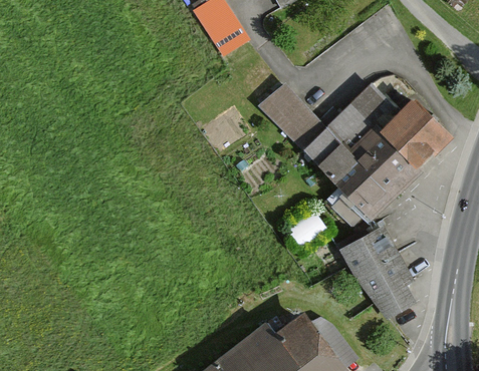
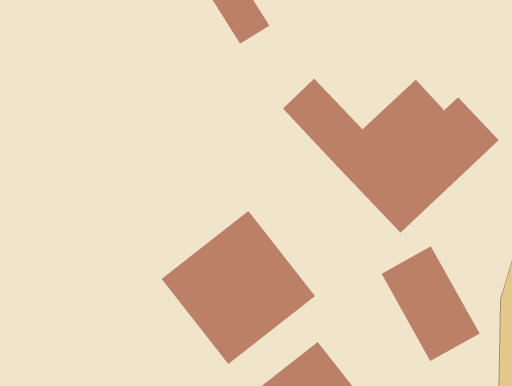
building: none -> [160,210,316,365]

